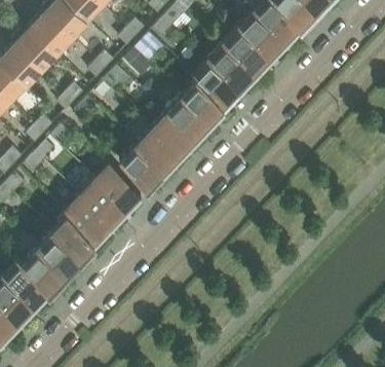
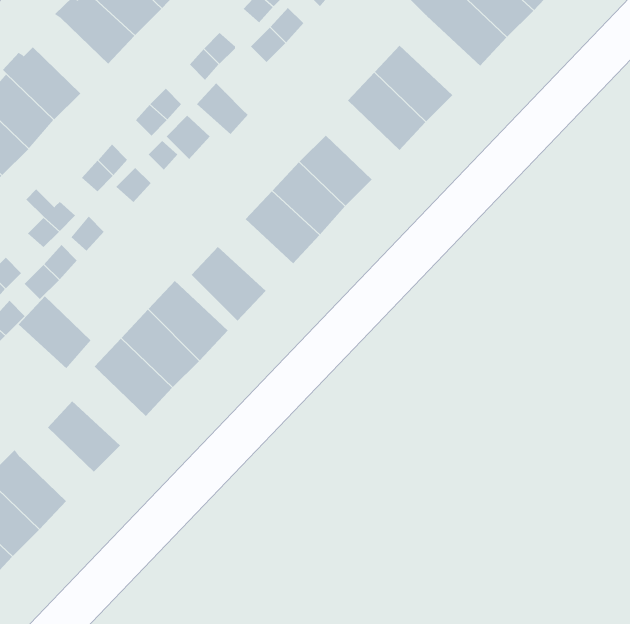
building: [238,10,284,56] -> none
building: [29,11,72,54] -> none
building: [193,59,238,104] -> none
building: [127,118,178,168] -> none
building: [51,214,93,256] -> [18,296,92,369]
building: [22,246,64,288] -> none

